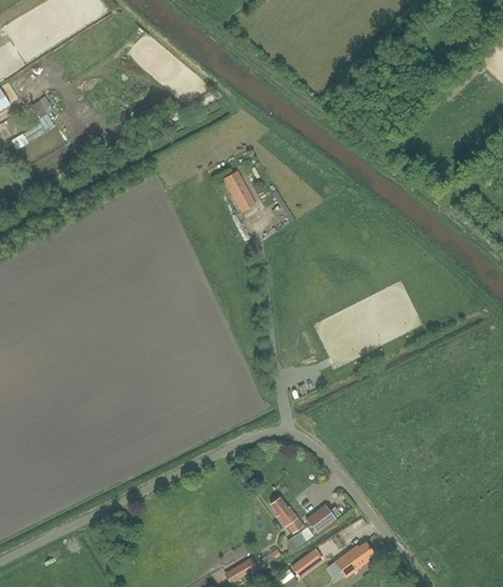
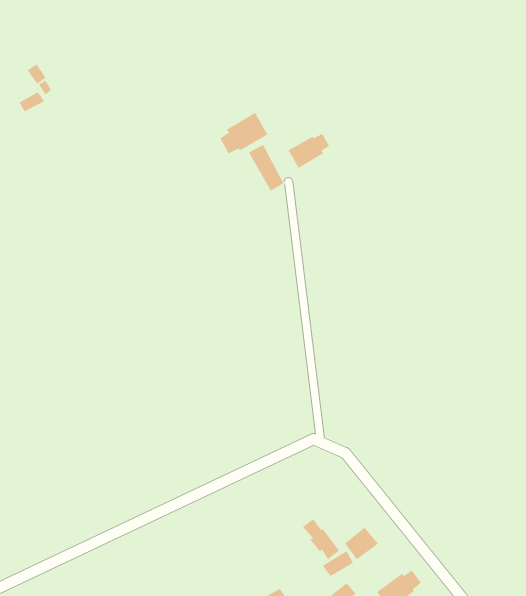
building: none -> [220,112,268,154]
building: none -> [288,133,330,169]

